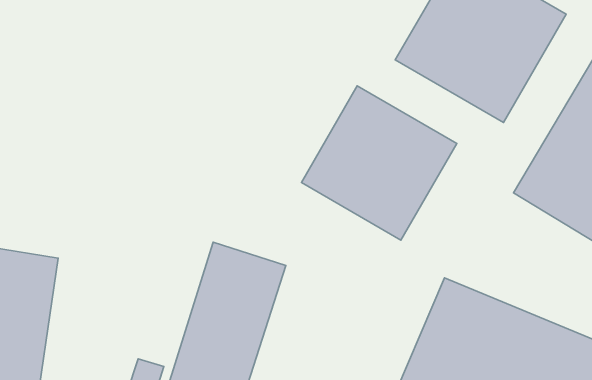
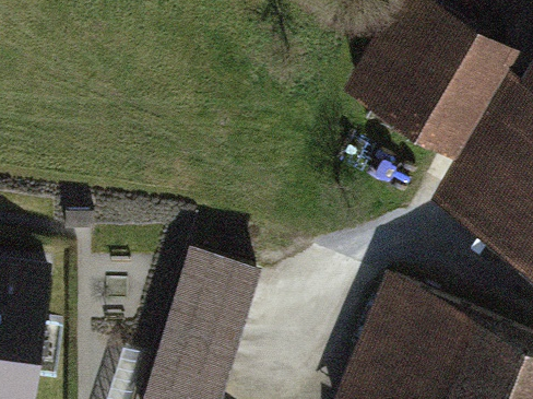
building: [301,86,457,240] -> none

